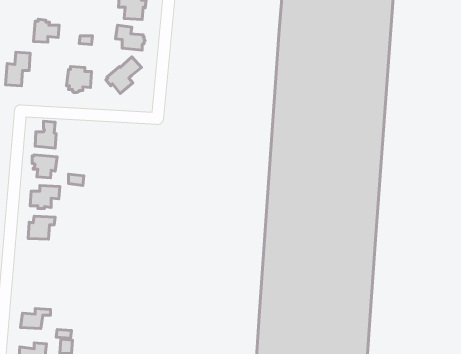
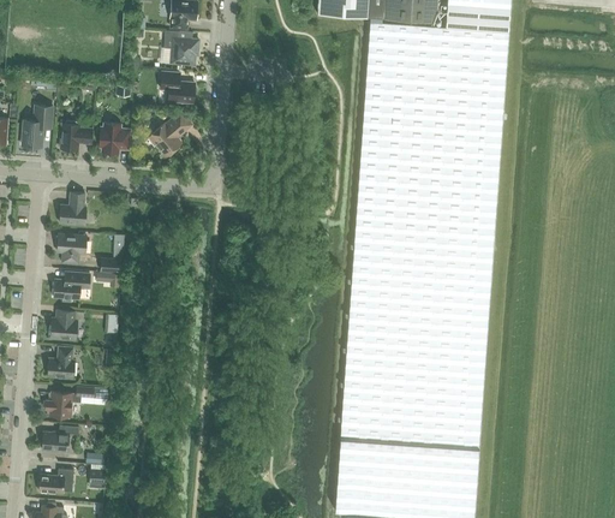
building: [33,19,59,42] -> [60,120,92,149]
building: none -> [47,346,74,377]
building: none -> [44,386,107,416]

